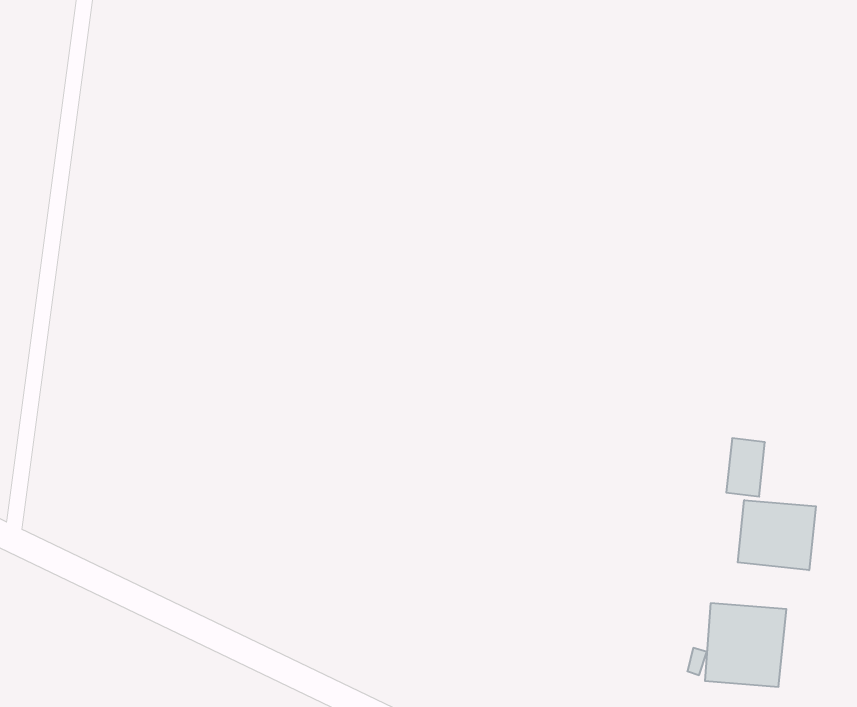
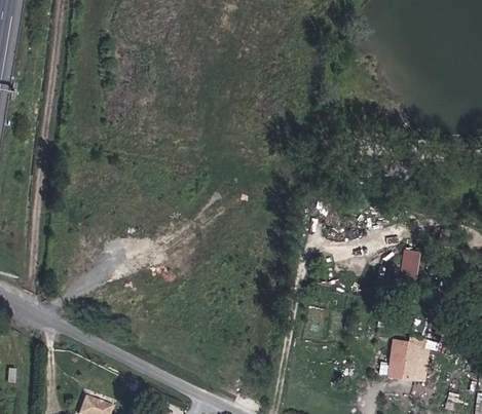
building: [738,500,816,570] -> none

